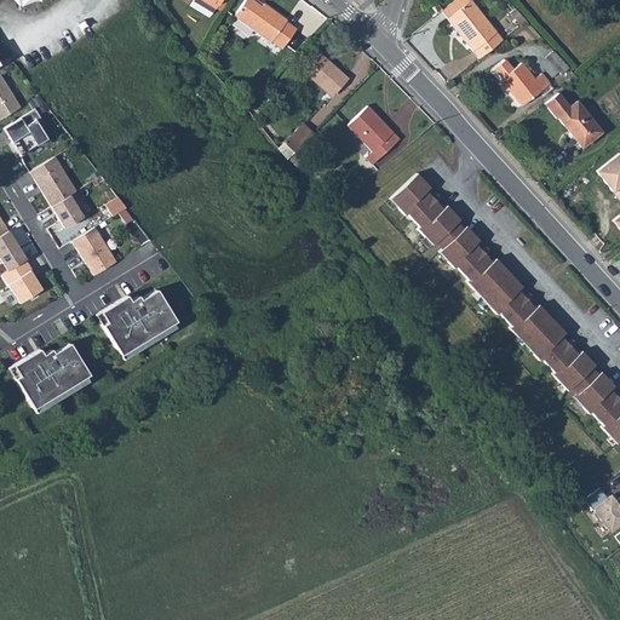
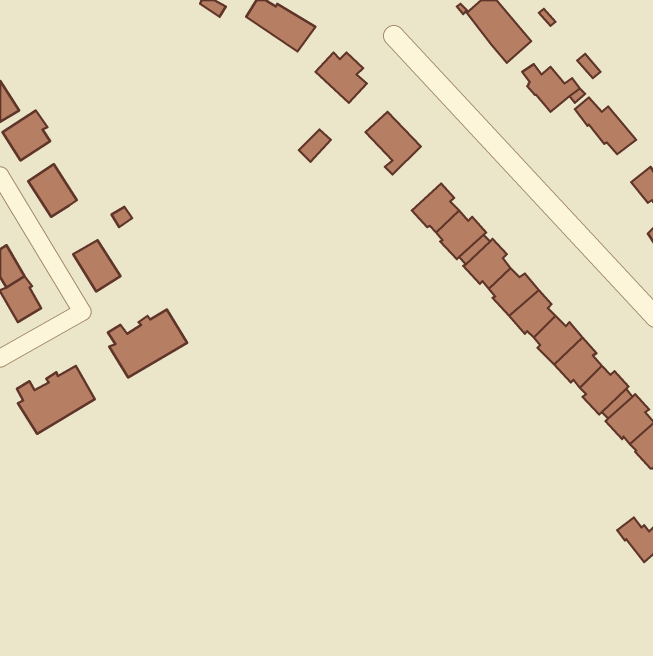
building: [51,194,82,226] -> none

